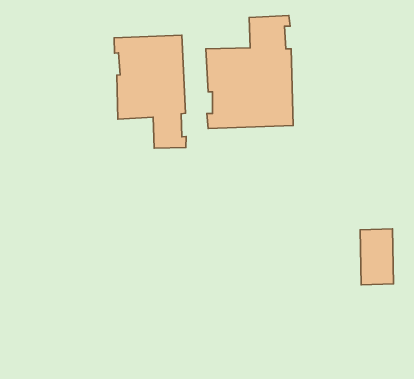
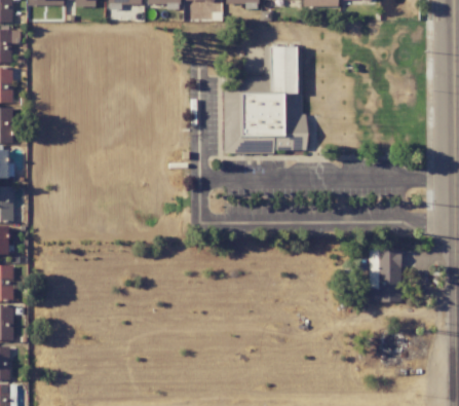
building: [114,35,186,148] -> none

